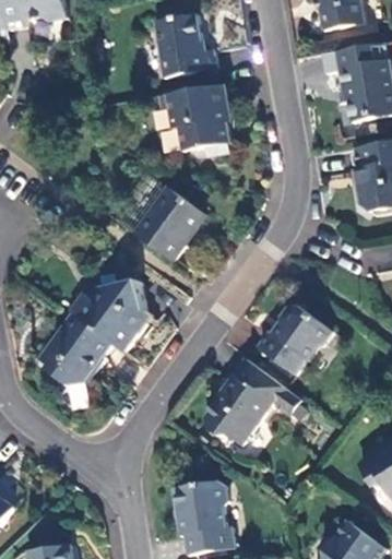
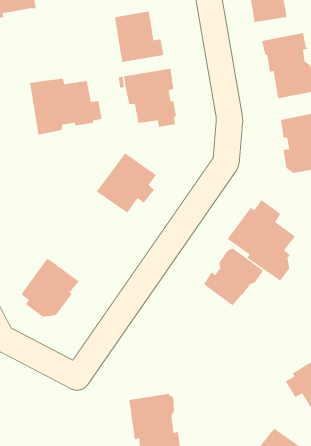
building: none -> [29,78,102,135]
building: none -> [227,199,296,281]
building: [75,281,149,352] -> none
building: [204,355,300,442] -> none

